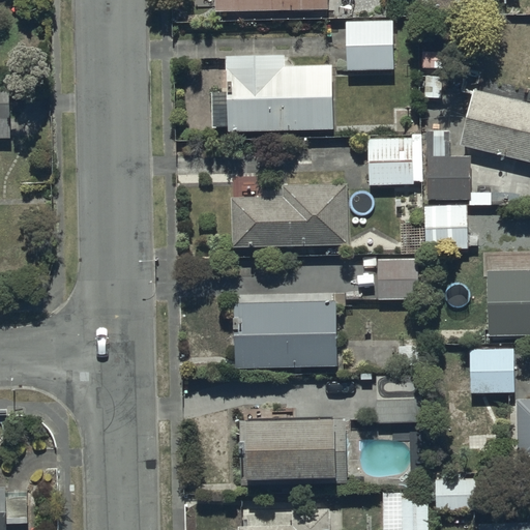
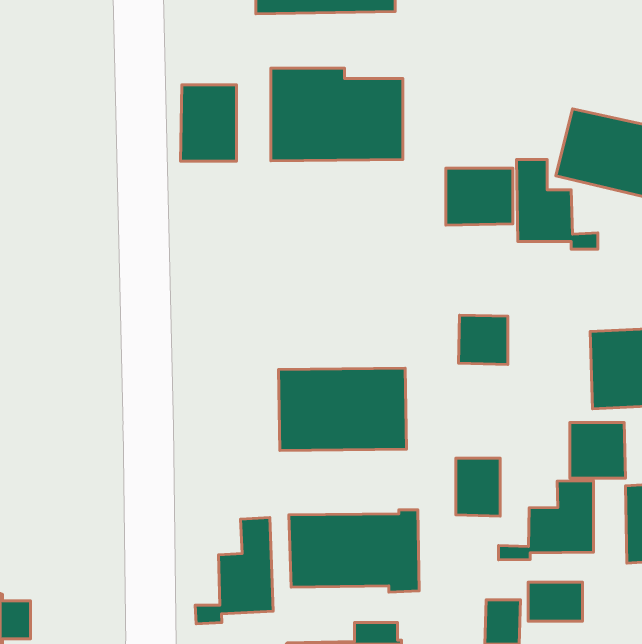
building: [345,19,394,86] -> none
building: none -> [180,85,236,161]
building: [231,181,349,247] -> none
building: [425,206,470,248] -> none
building: none -> [498,481,593,560]
building: none -> [195,518,273,624]

